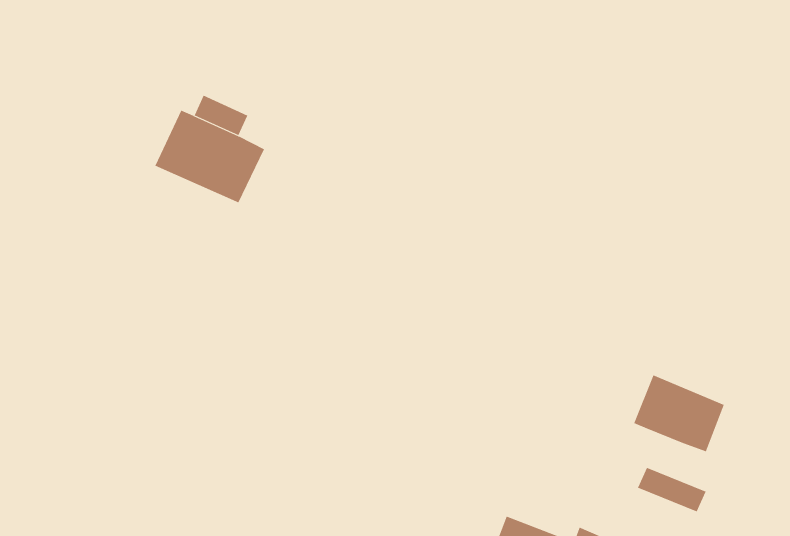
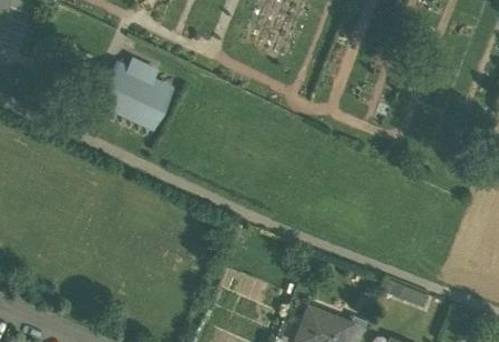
building: [634,374,724,452] -> none

